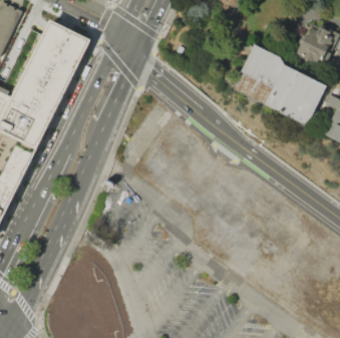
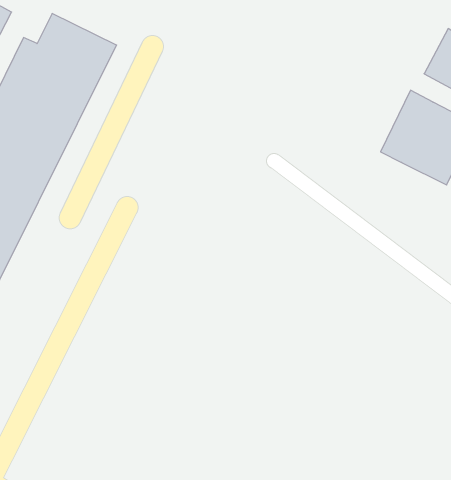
building: [239,45,290,105] -> none

